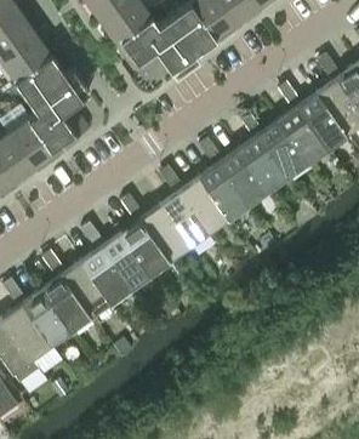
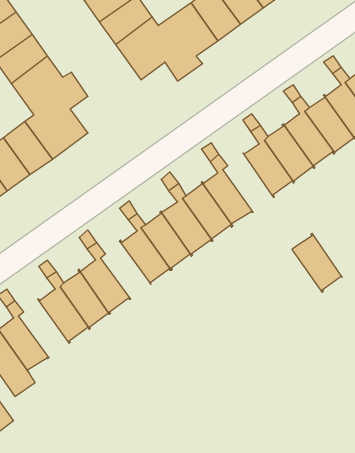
building: [220,148,268,205] -> [292,233,342,292]
building: [102,233,150,289] -> none
building: [23,289,72,344] -> none

